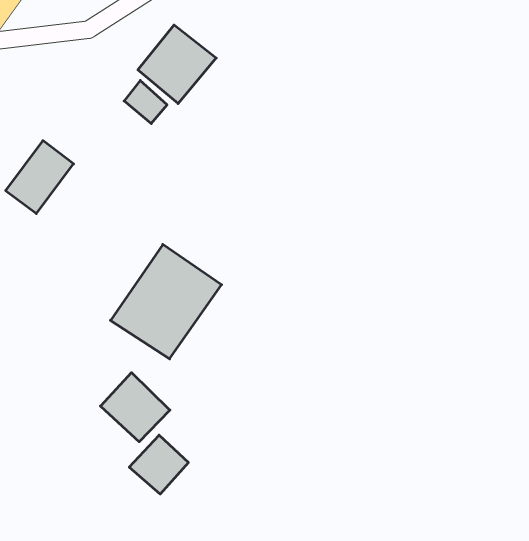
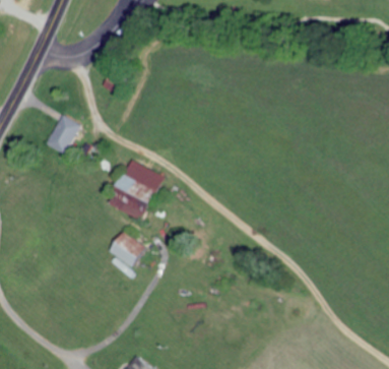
building: [138,25,216,104] -> none
building: [129,435,188,494] -> none

